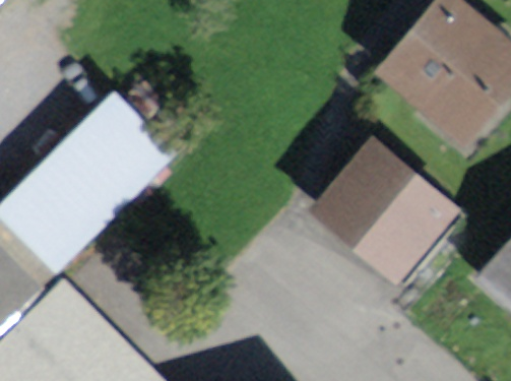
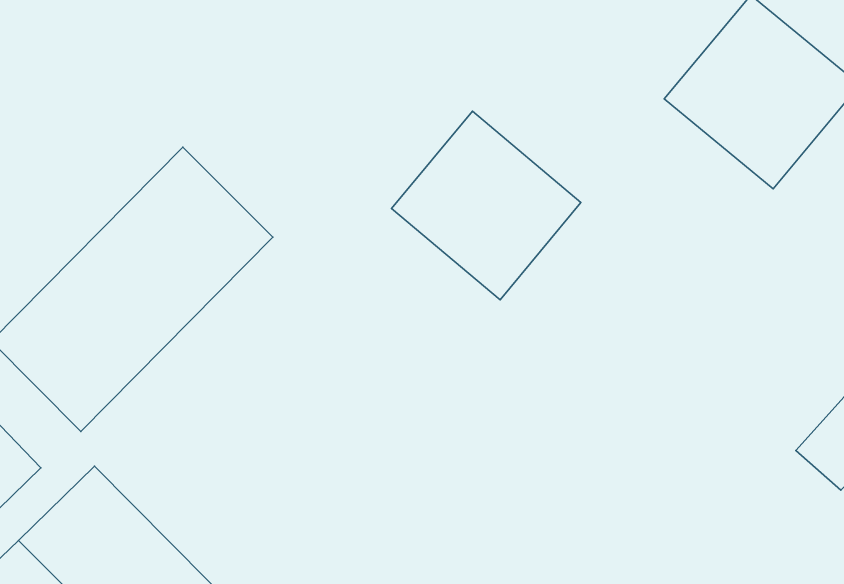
building: none -> [392,111,581,300]
building: [320,147,451,271] -> none

